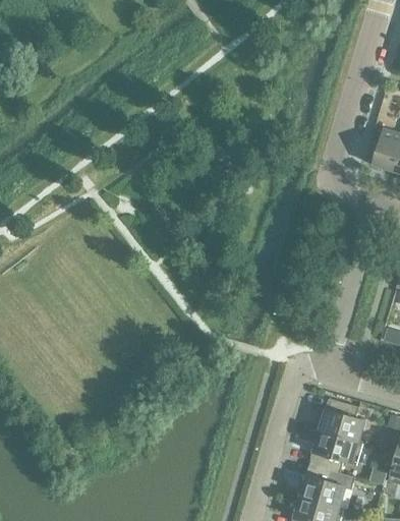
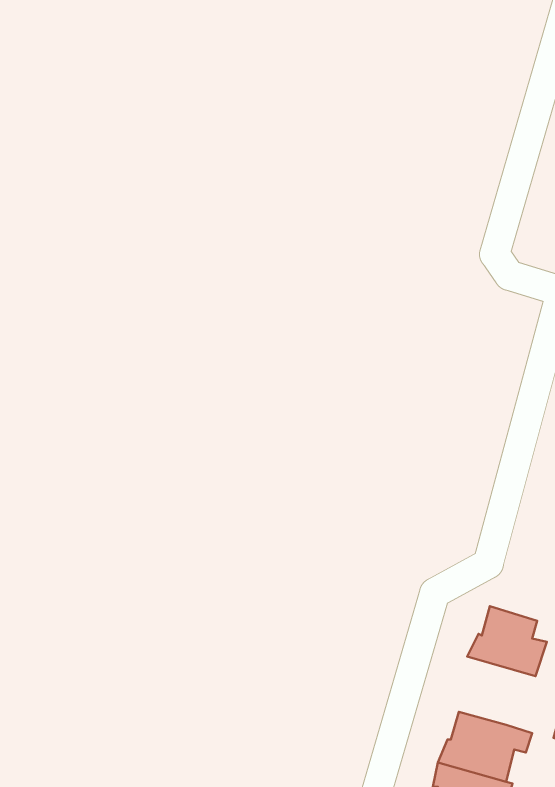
building: [310,432,363,475] -> none

